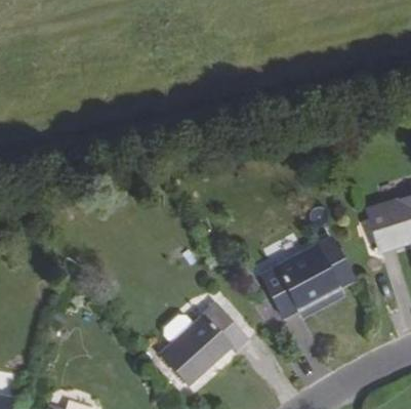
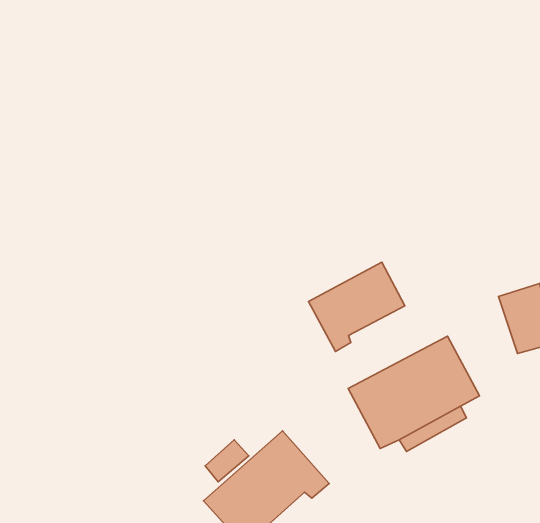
building: none -> [309,262,405,352]

